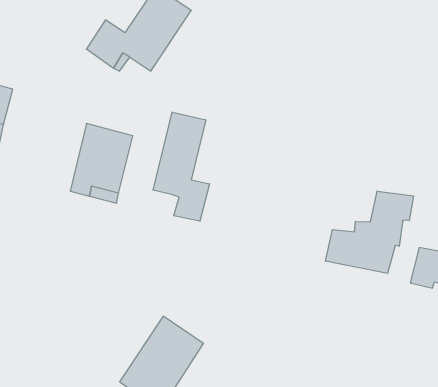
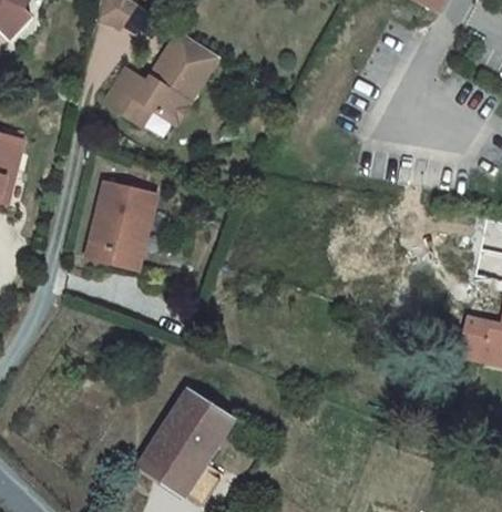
building: [153,112,209,221] -> none
building: [326,191,413,273] -> none

